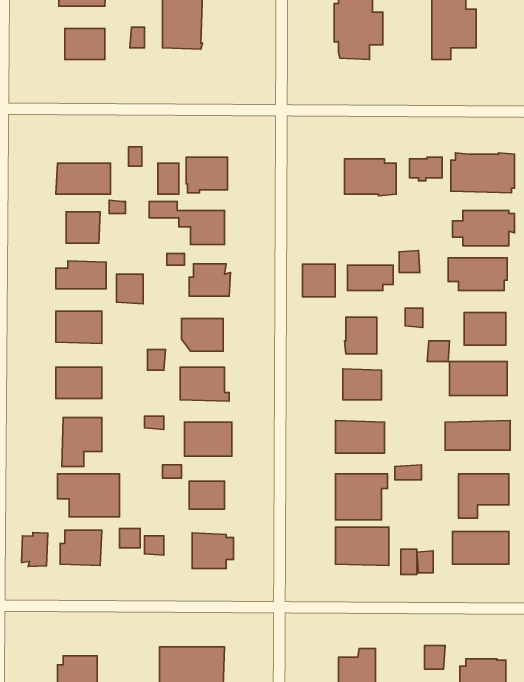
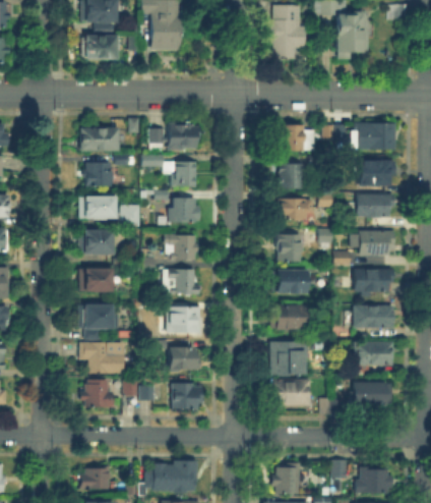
building: [303,264,335,297] -> [281,166,303,188]
building: [21,532,48,566] -> none

